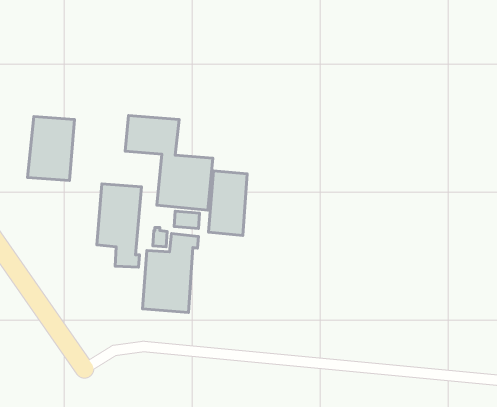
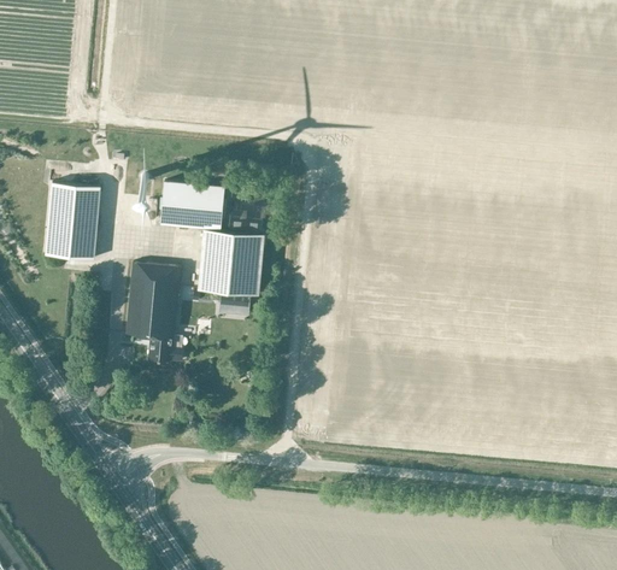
building: [208,171,247,236] -> none
building: [142,234,198,313] -> none

